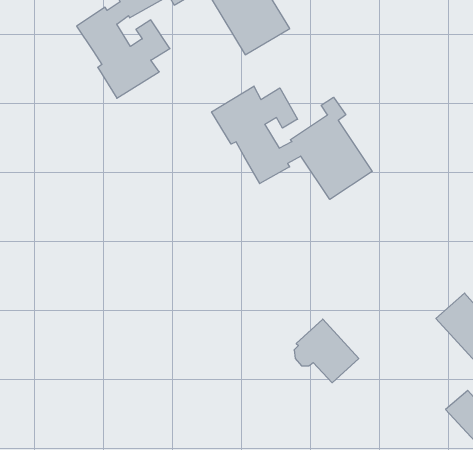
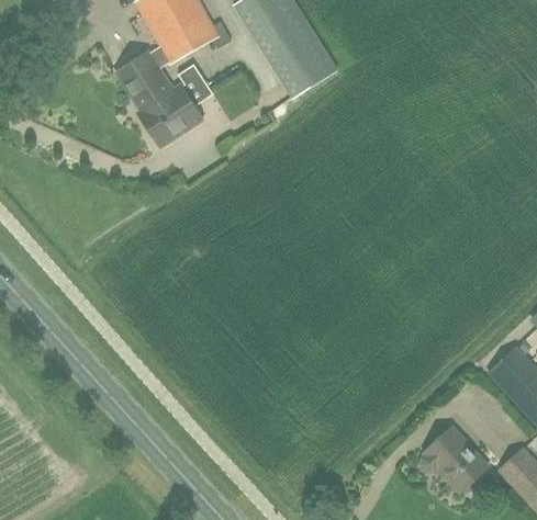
building: [212,86,372,199] -> none
building: [294,319,359,383] -> [421,423,488,489]

